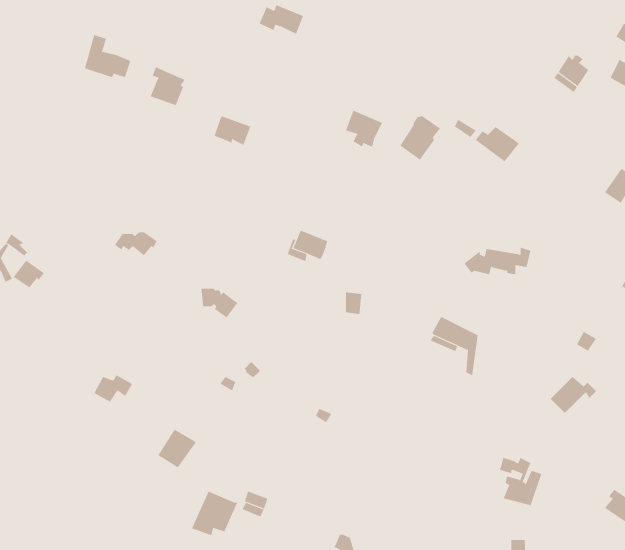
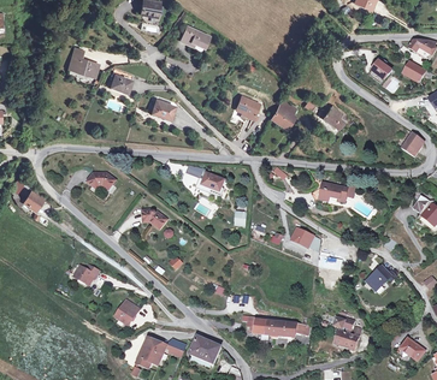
building: none -> [242,314,312,337]
building: none -> [189,336,220,364]

